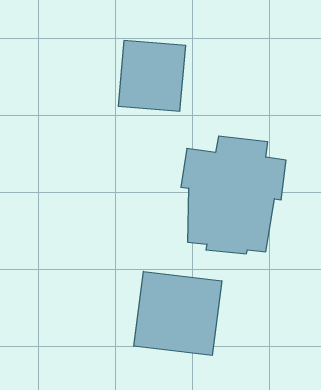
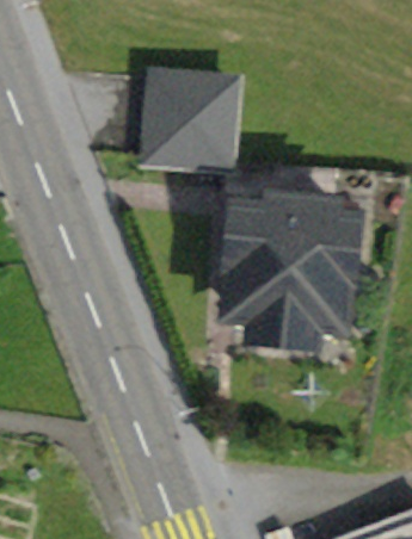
building: [134,271,222,355] -> none

